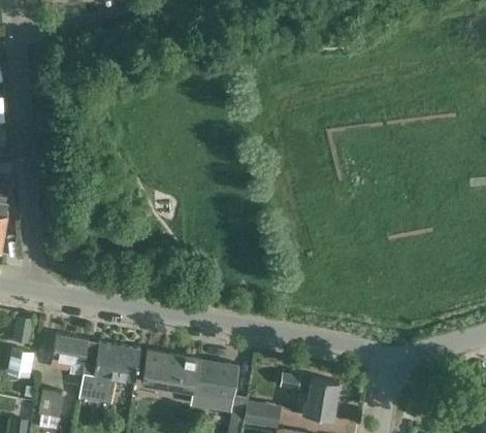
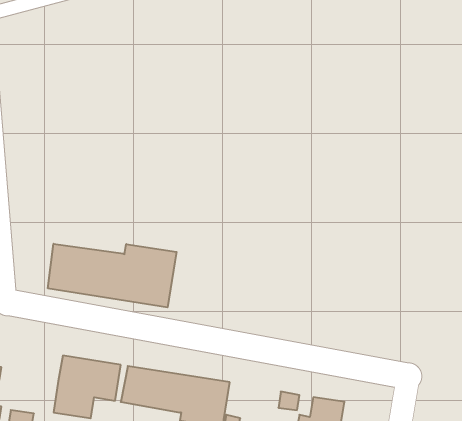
building: none -> [48,244,177,307]
building: [51,335,89,371] -> none

